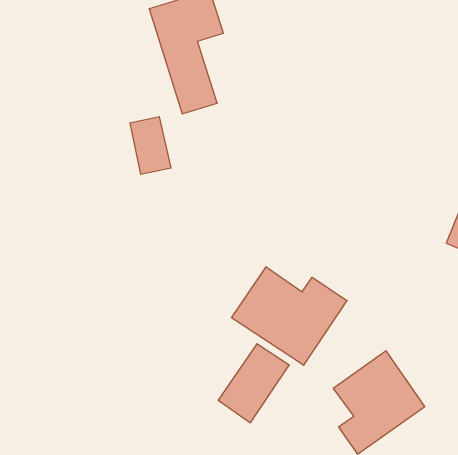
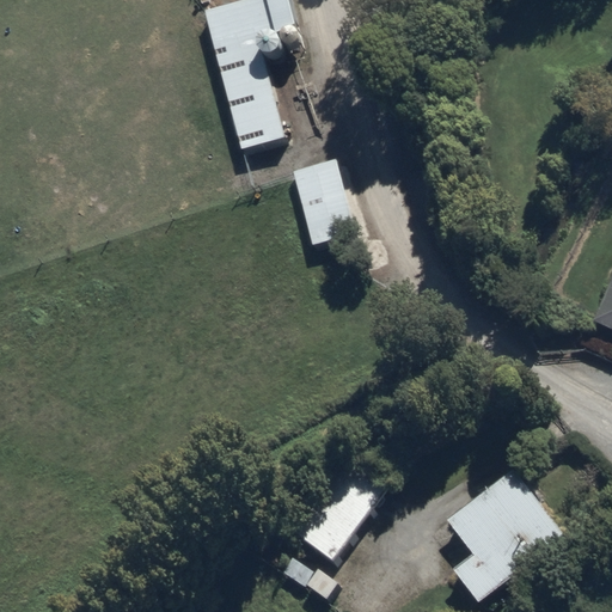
building: [130,117,171,174] -> [295,163,350,239]
building: [232,267,347,365] -> none

